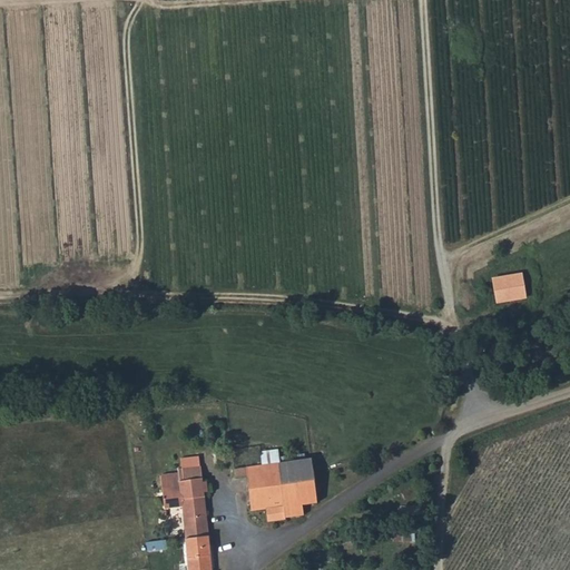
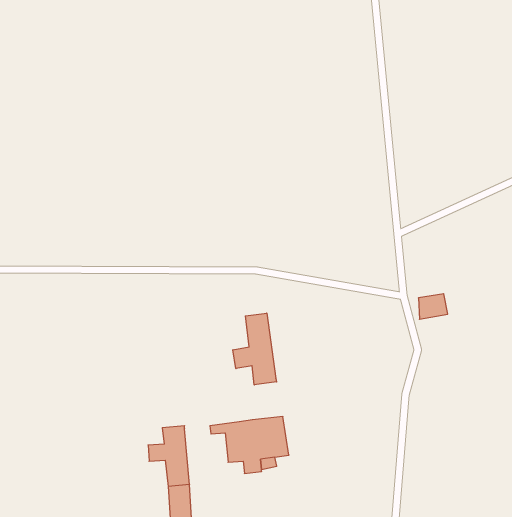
building: [487,273,519,301] -> [418,294,448,319]
building: none -> [233,313,277,385]

